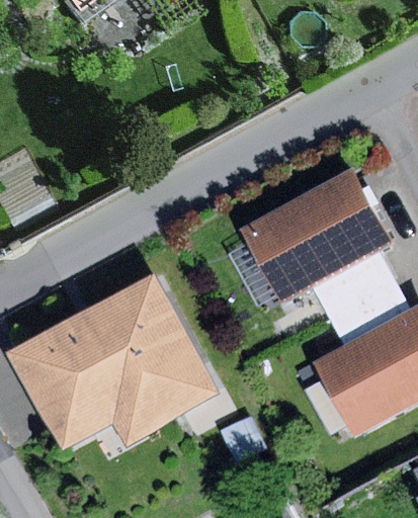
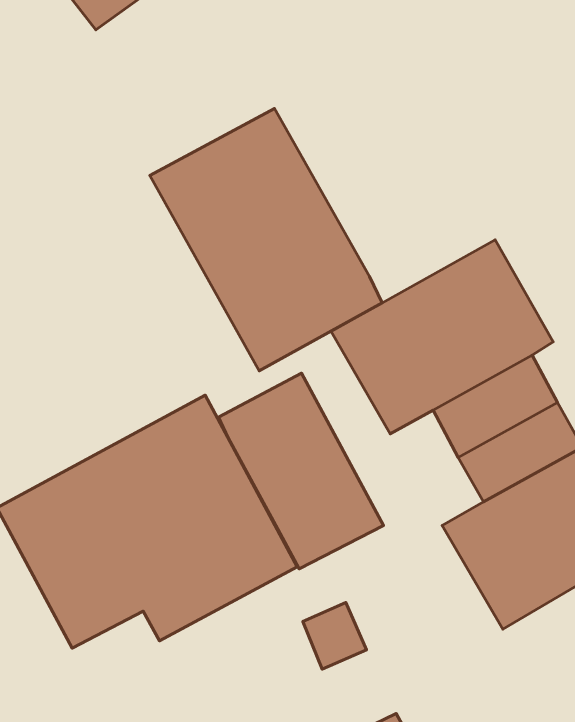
building: none -> [150,108,382,371]
building: none -> [218,373,383,569]

